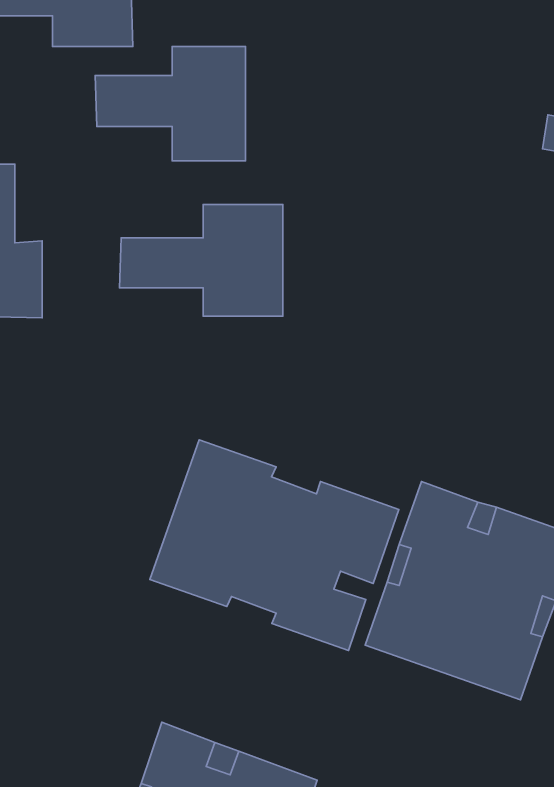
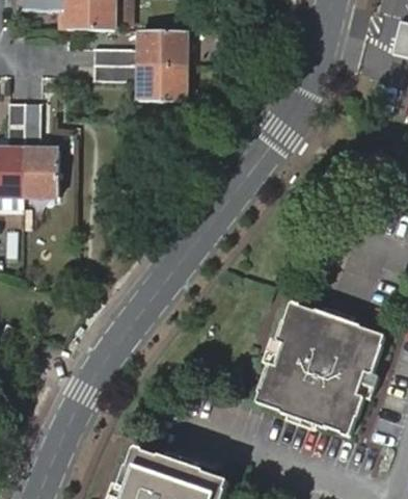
building: [119,205,283,316] -> none
building: [150,440,399,651] -> none

